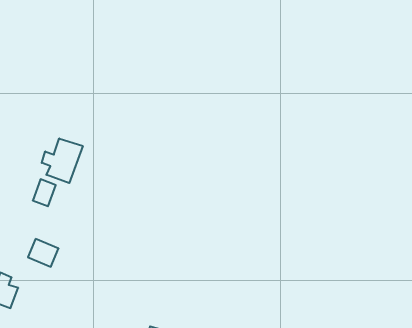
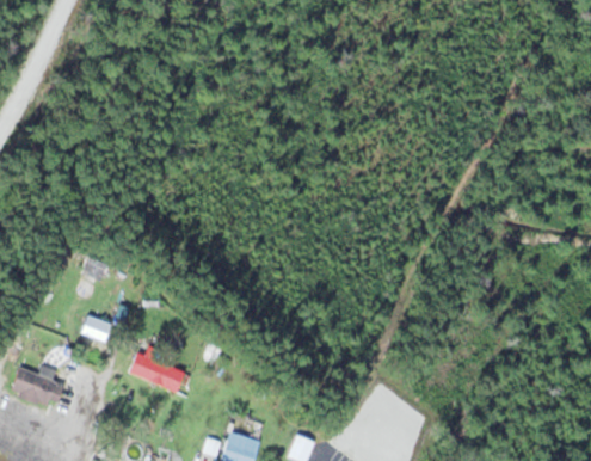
building: [42,138,83,183] -> none
building: none -> [128,352,185,392]

